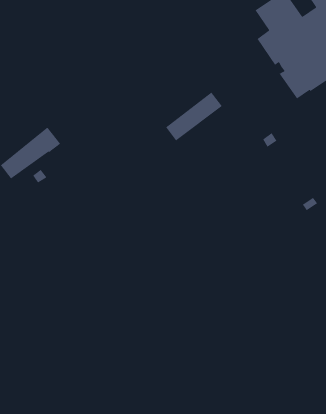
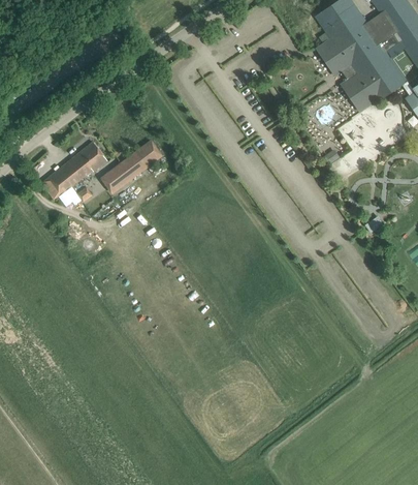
building: [165,92,223,142] -> [101,141,163,194]

